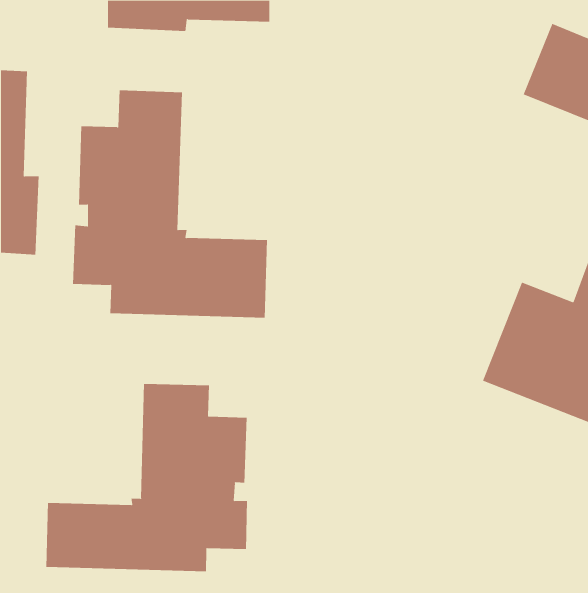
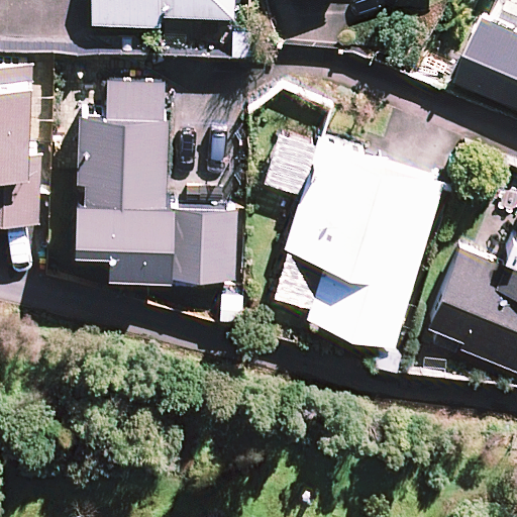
building: none -> [284,134,443,343]
building: [46,383,247,572] -> none

